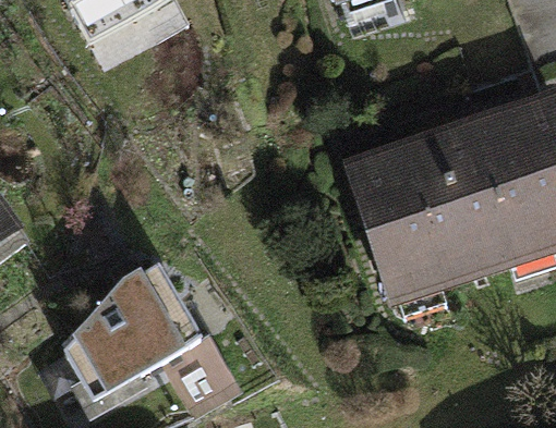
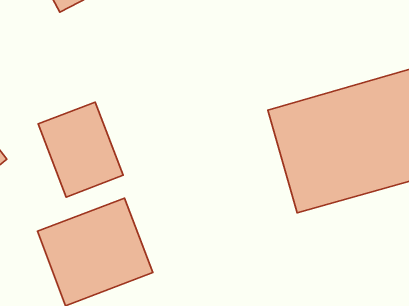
building: none -> [38,102,123,197]

